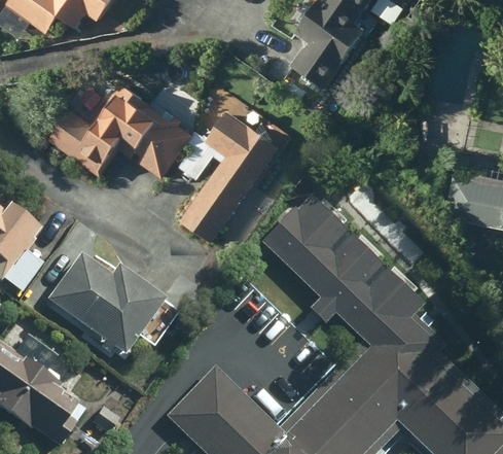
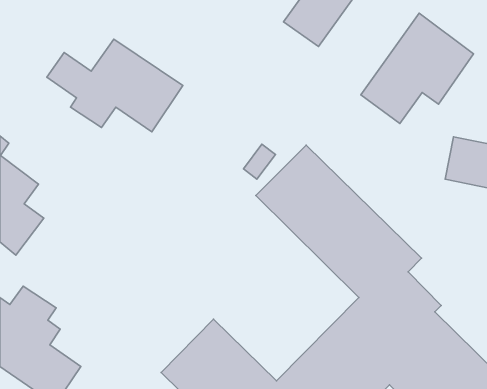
building: none -> [361,13,474,123]
building: [179,107,281,239] -> none
building: [47,255,174,364] -> none

